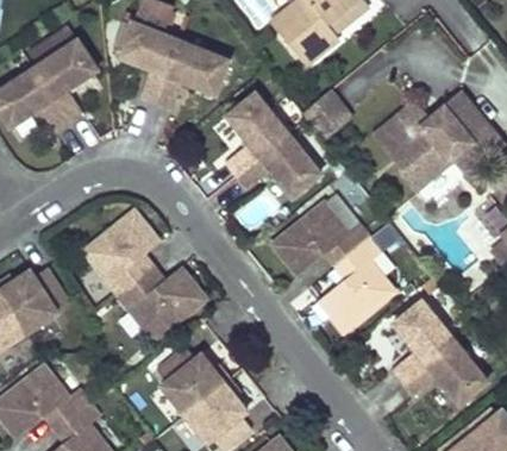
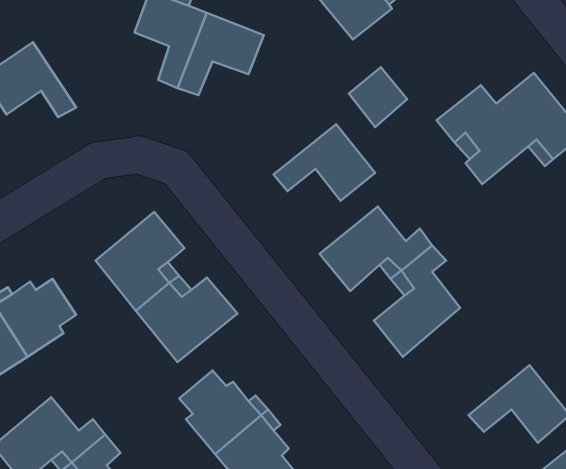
building: [30,33,96,119] -> none
building: [225,92,289,176] -> none
building: [393,300,455,382] -> none

